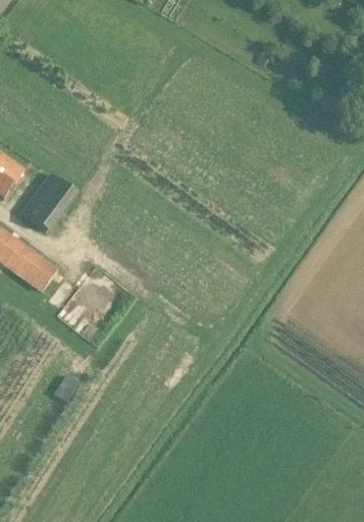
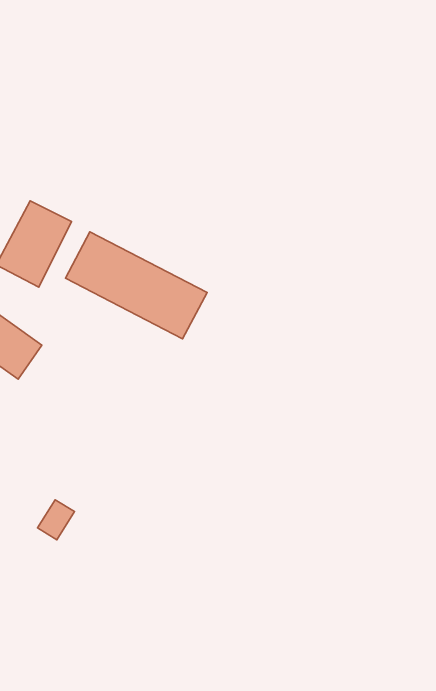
building: none -> [66,232,207,339]

